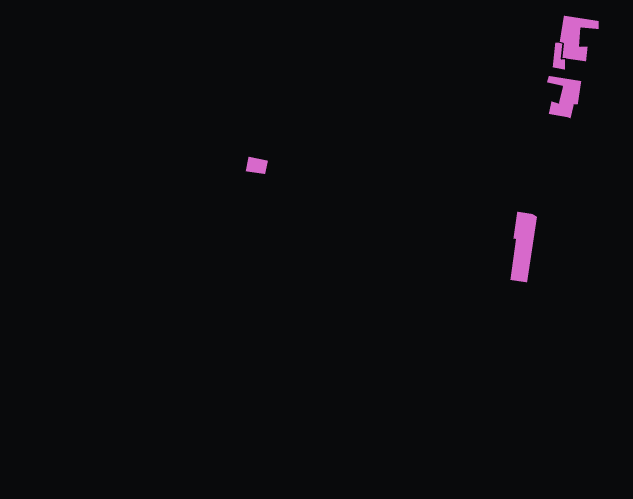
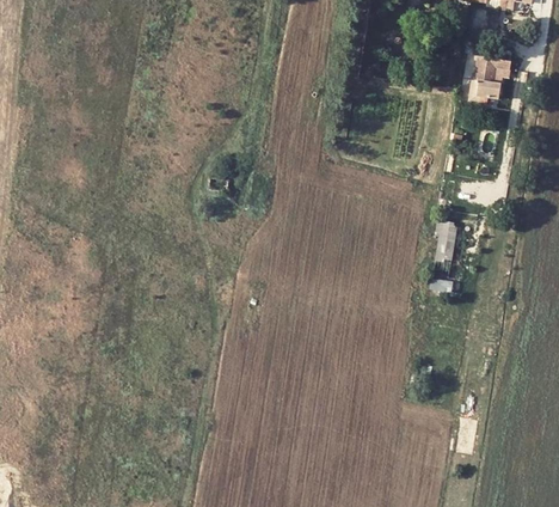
building: [546,75,582,119] -> none

